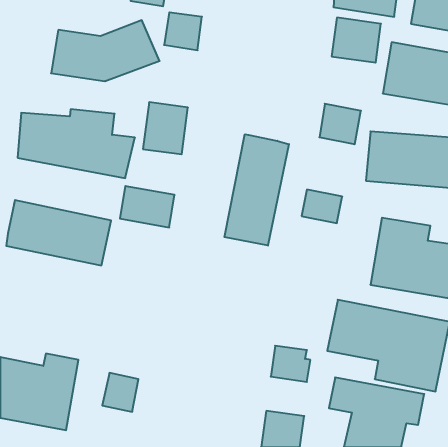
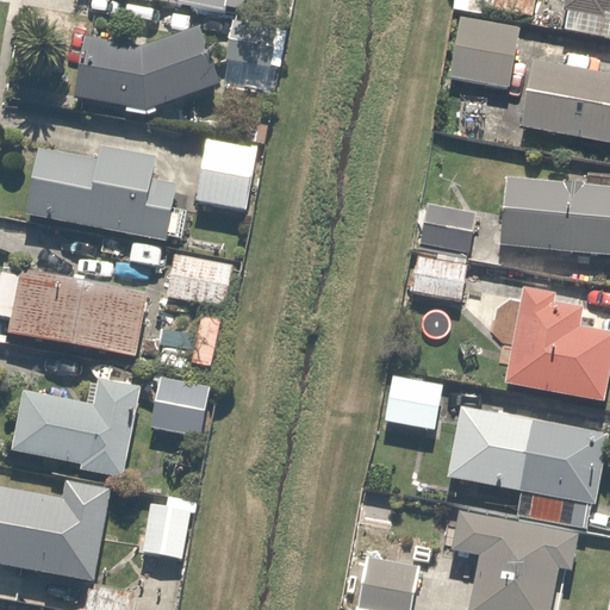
building: [319,104,361,144] -> [421,198,477,253]
building: [224,134,289,246] -> none
building: none -> [10,373,141,479]
building: none -> [150,379,212,438]
building: [271,346,310,382] -> [386,376,440,425]

